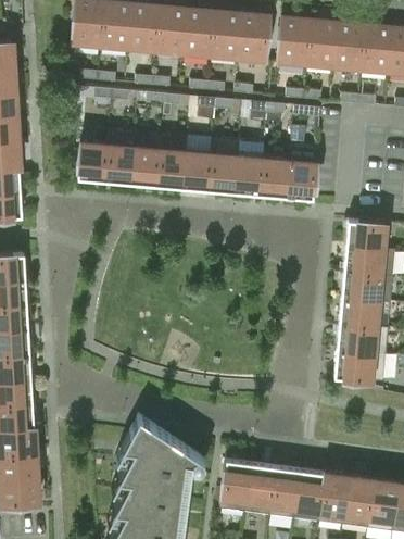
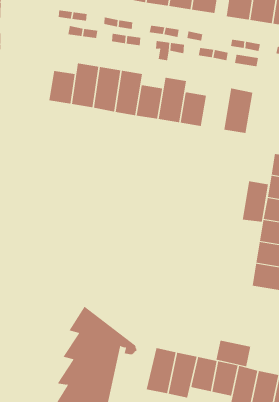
building: [261,147,291,197] -> none
building: none -> [242,181,269,222]
building: none -> [209,337,251,367]

